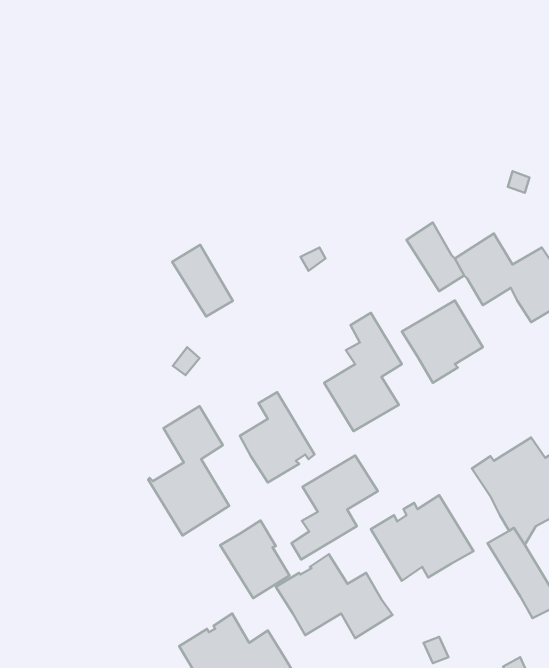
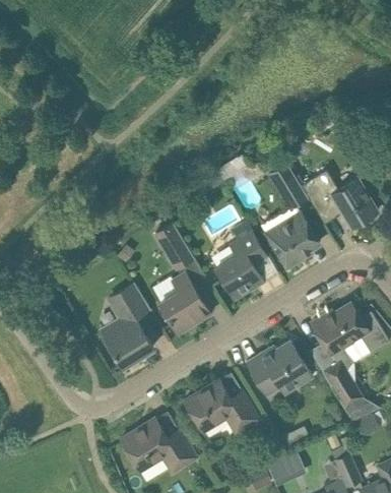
building: [172,245,233,316] -> [154,222,194,268]
building: [291,455,378,560] -> none
building: [220,521,290,598] -> none

